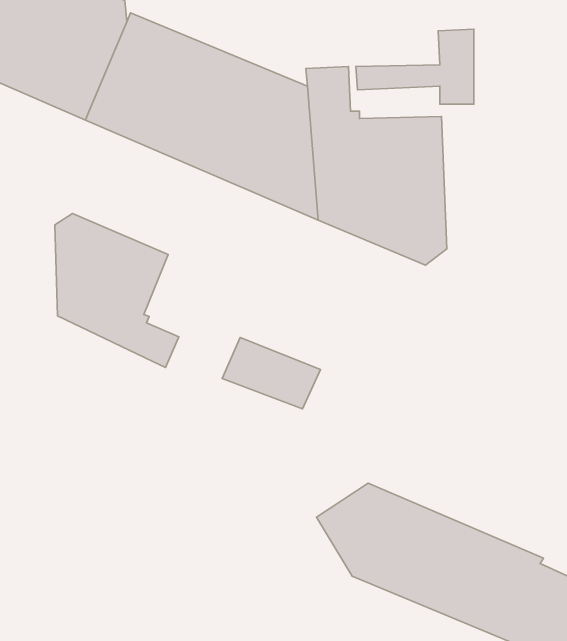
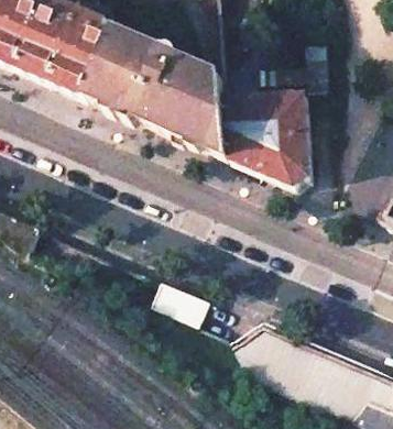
building: [55,214,179,368] -> none
building: [222,337,321,409] -> [149,277,209,321]

